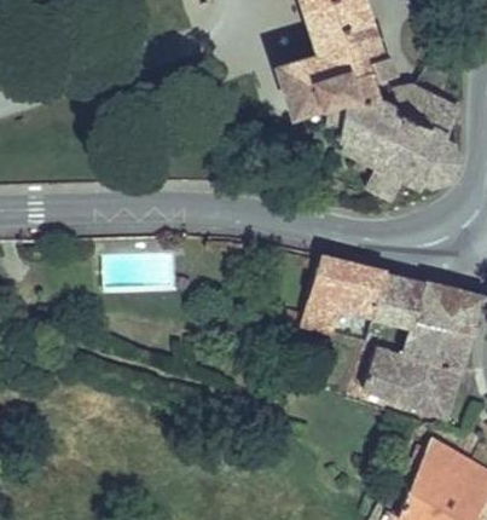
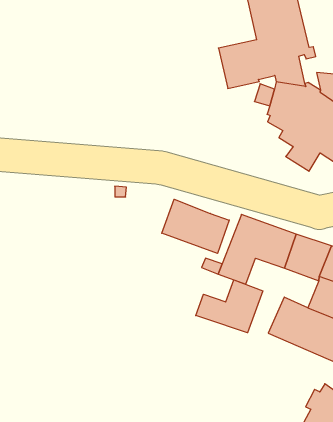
building: none -> [162,199,229,253]
building: none -> [196,280,263,333]

